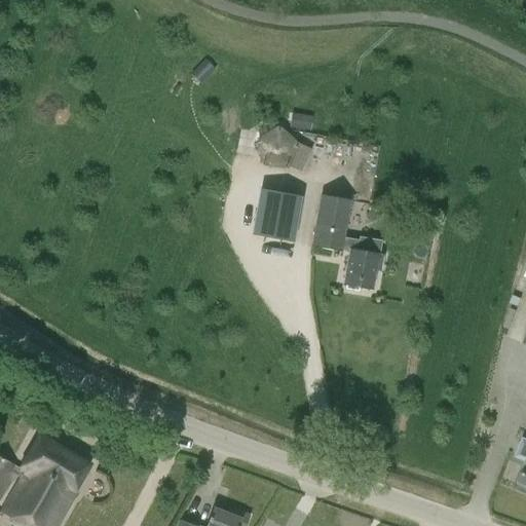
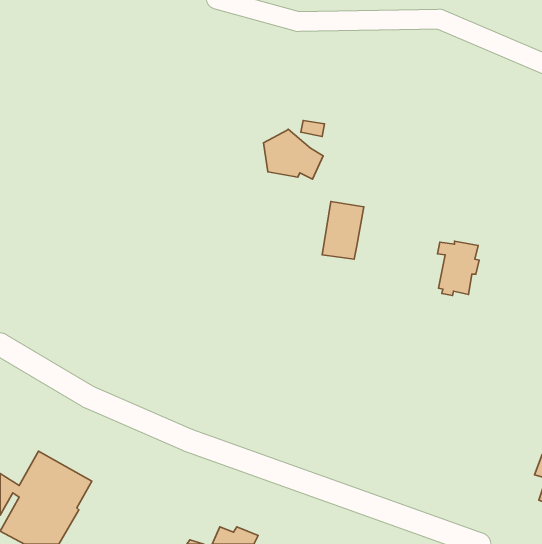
building: [254,189,303,241] -> none
building: [344,237,384,290] -> [438,241,479,295]

